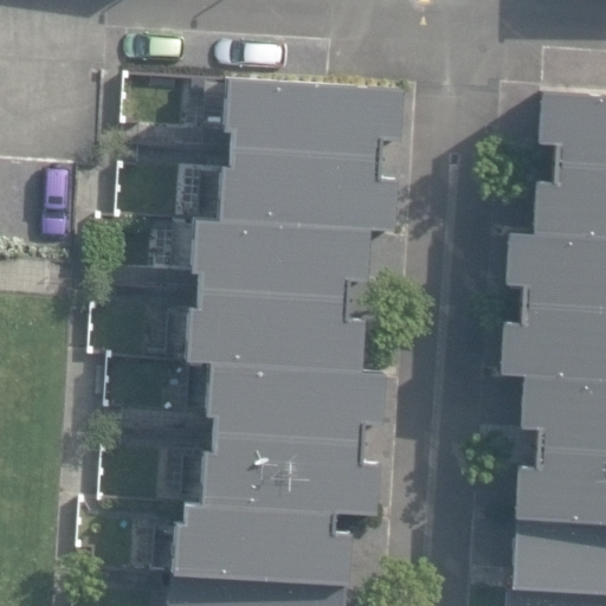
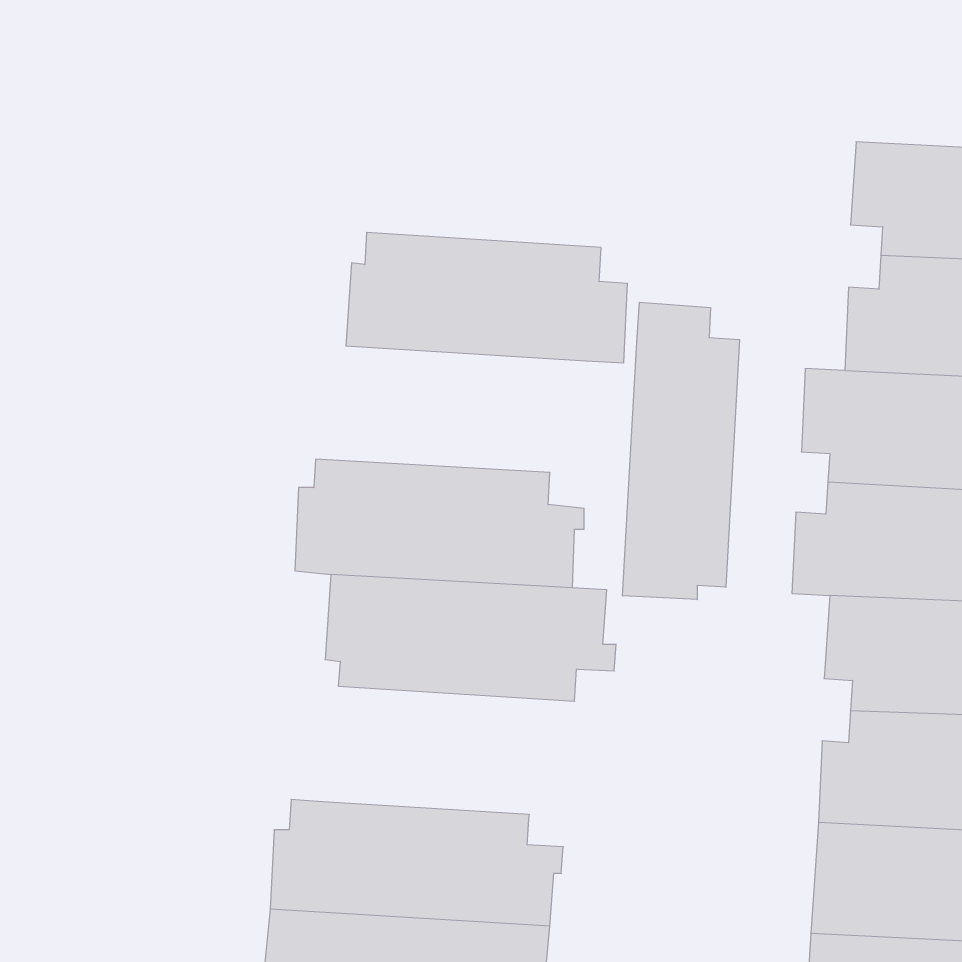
building: [224,79,402,157] -> none
building: none -> [623,302,739,600]
building: [192,218,369,298] -> none
building: [201,432,381,515] -> none

